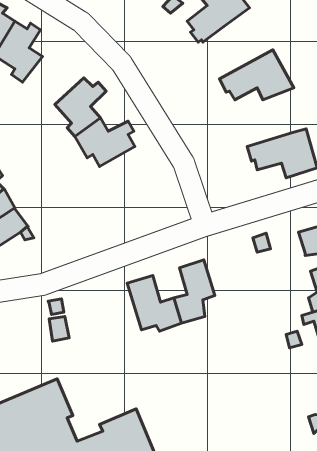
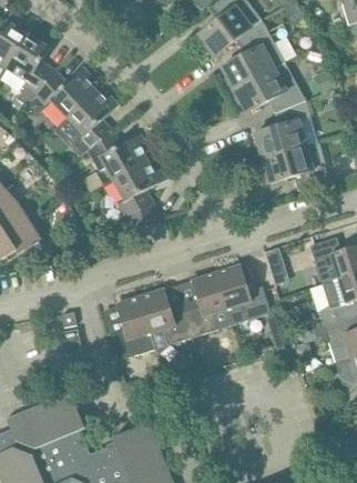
building: none -> [222,20,285,91]
building: none -> [35,66,96,117]
building: none -> [255,100,310,159]
building: none -> [112,159,166,224]
building: none -> [216,264,271,324]
building: none -> [110,295,156,360]

